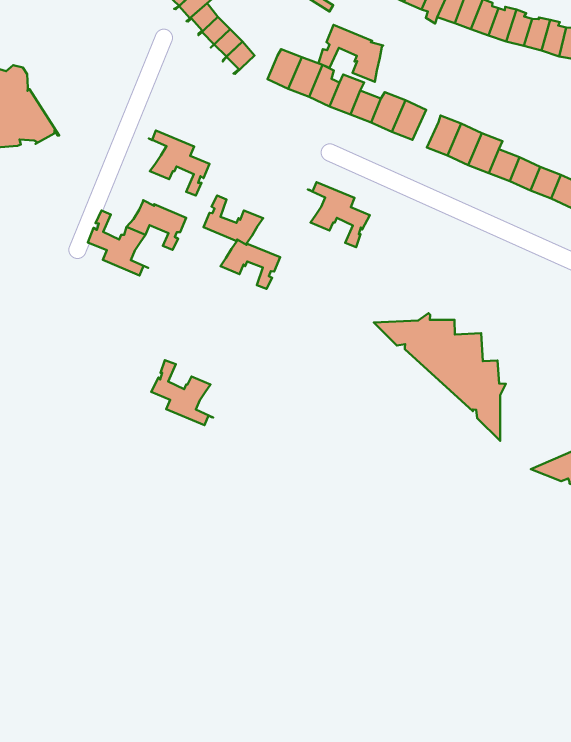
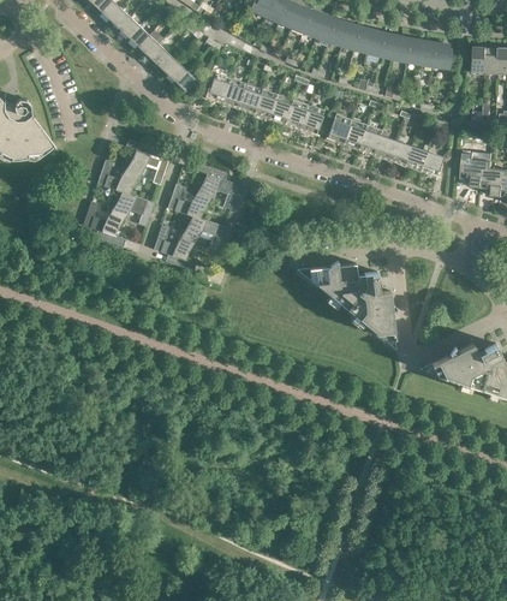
building: [318,25,383,82] -> none
building: none -> [97,160,139,195]
building: [308,182,370,247] -> [192,163,239,209]
building: [151,360,213,425] -> [153,225,199,270]

